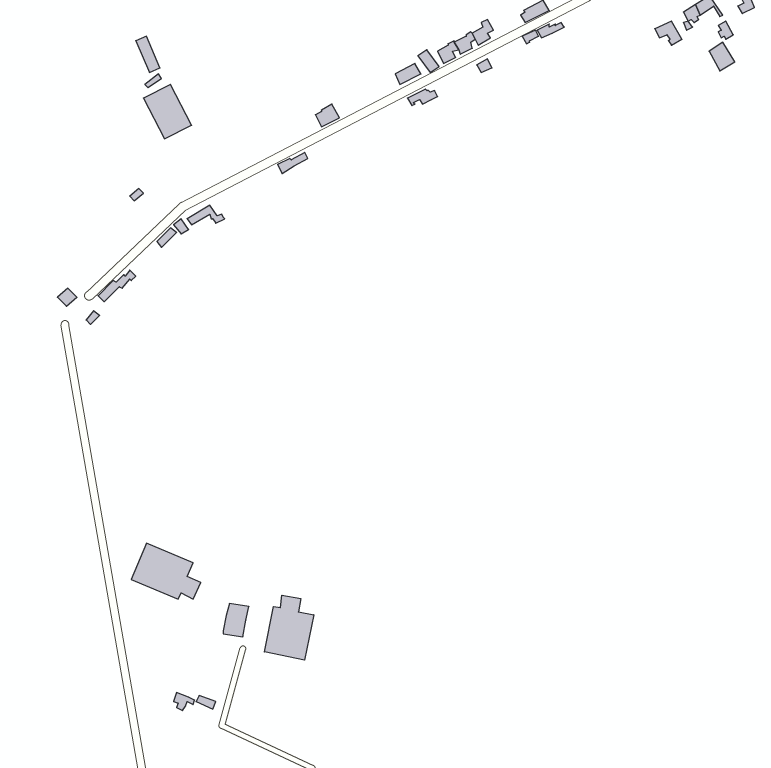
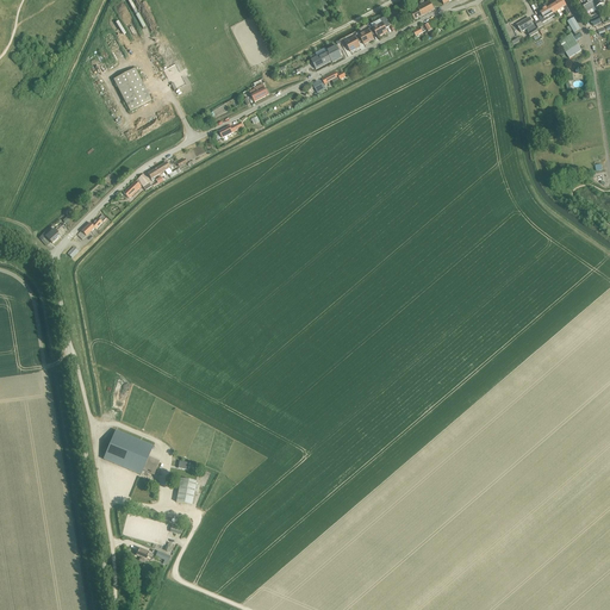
building: [264,595,314,660] -> none

